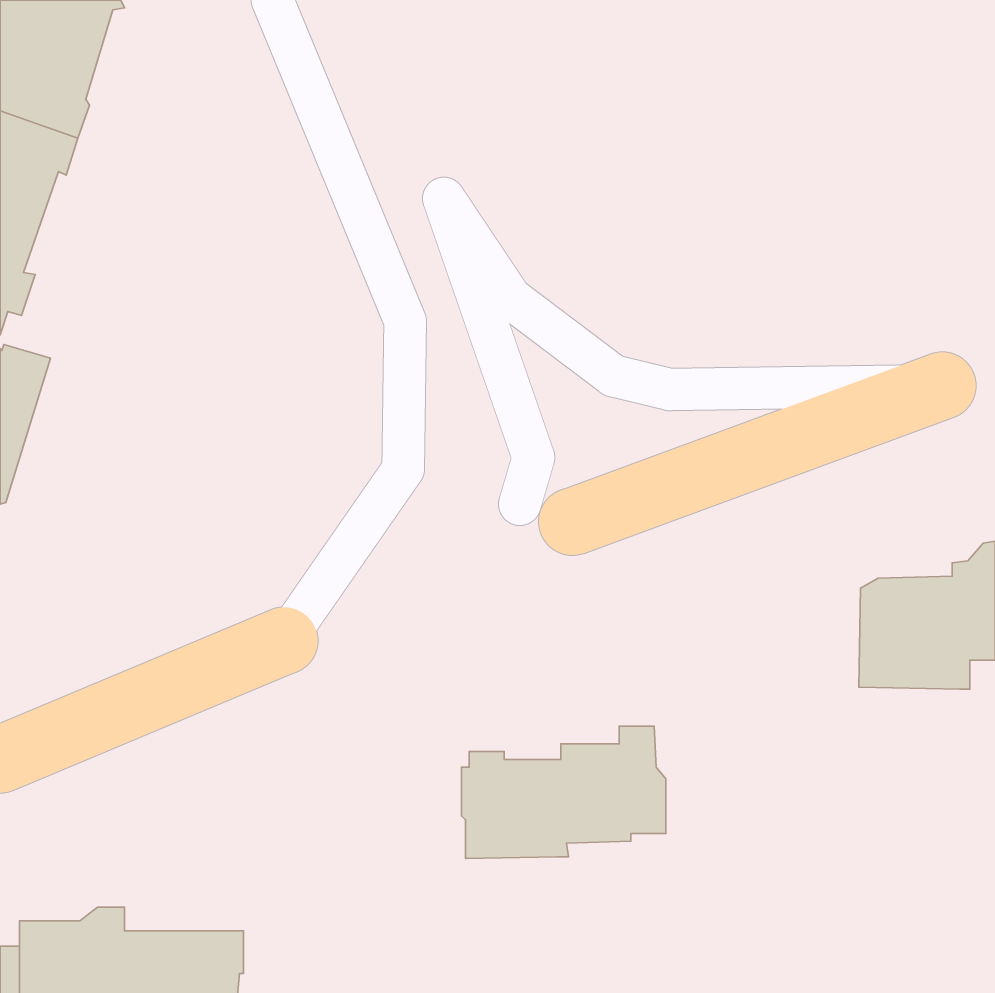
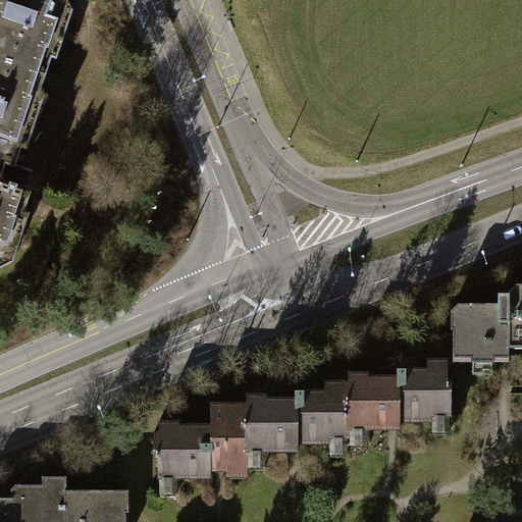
building: none -> [343,359,451,430]
building: none -> [153,403,244,477]

